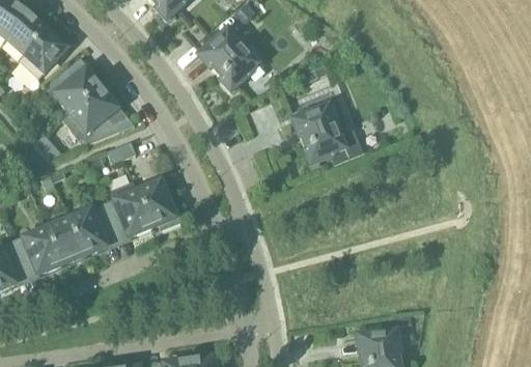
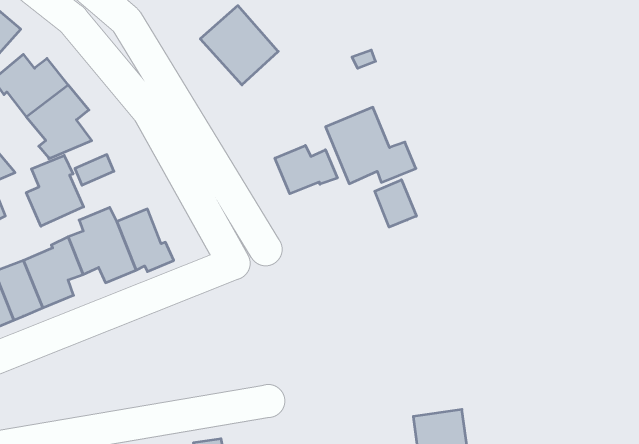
building: none -> [275,145,337,194]
building: none -> [26,155,84,226]
building: none -> [375,180,416,227]

